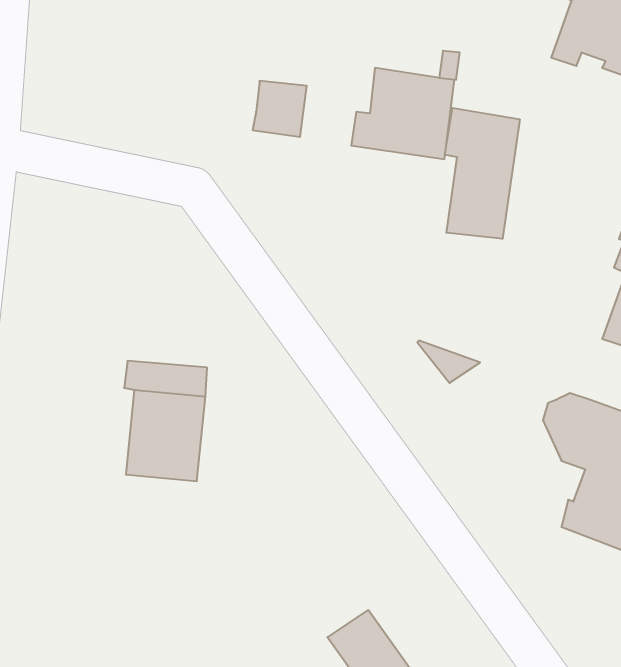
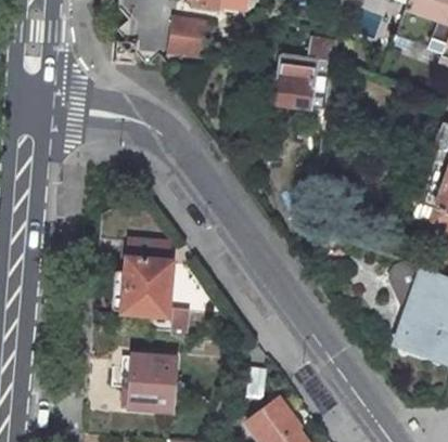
building: [253,81,307,137] -> [169,18,204,54]
building: [445,108,520,239] -> none
building: none -> [125,356,177,409]

